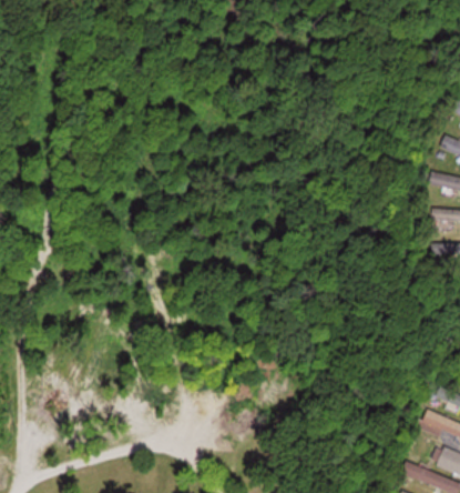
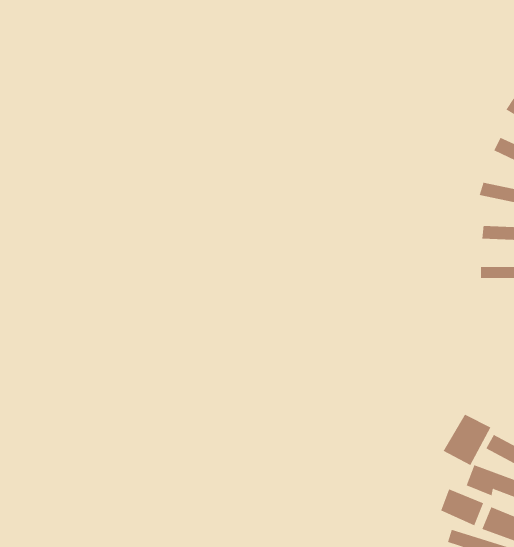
building: none -> [443,414,491,466]
building: none -> [440,488,484,526]

